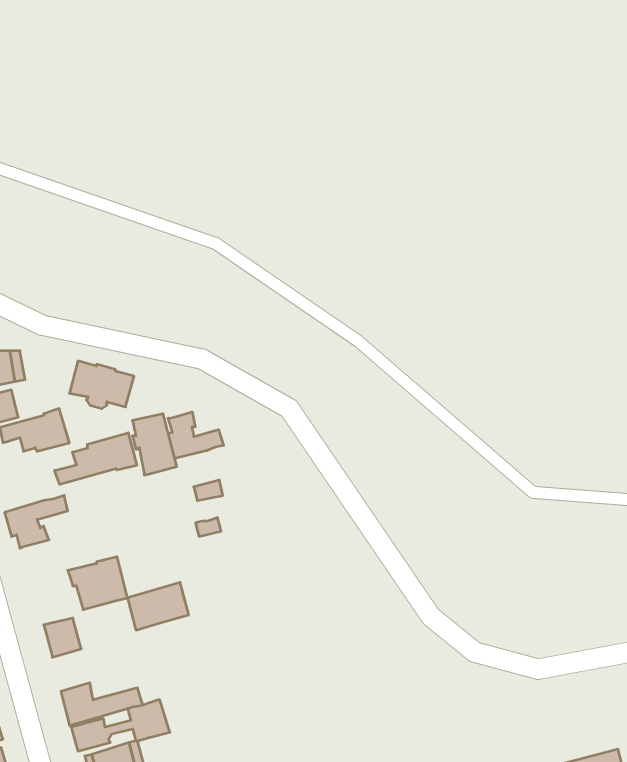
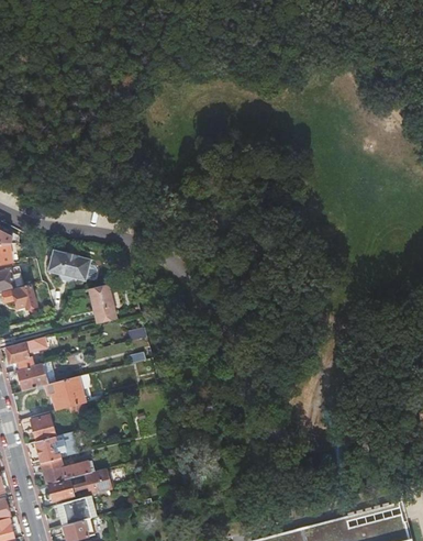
building: [168,412,224,458] -> none
building: [55,433,137,484] -> none
building: none -> [18,363,48,391]
building: [127,582,189,630] -> [36,432,76,463]

